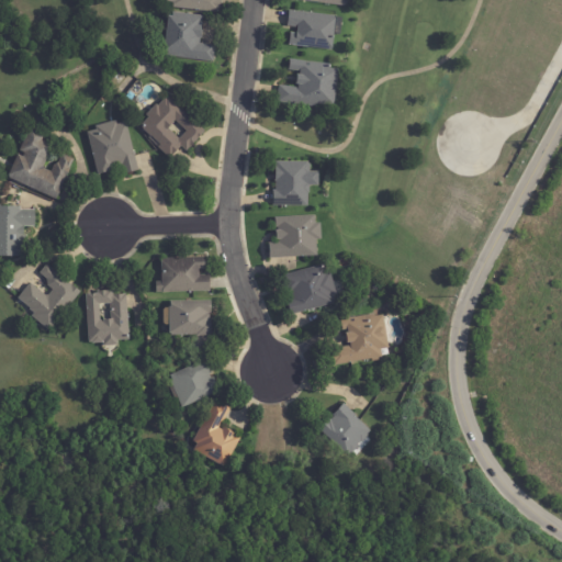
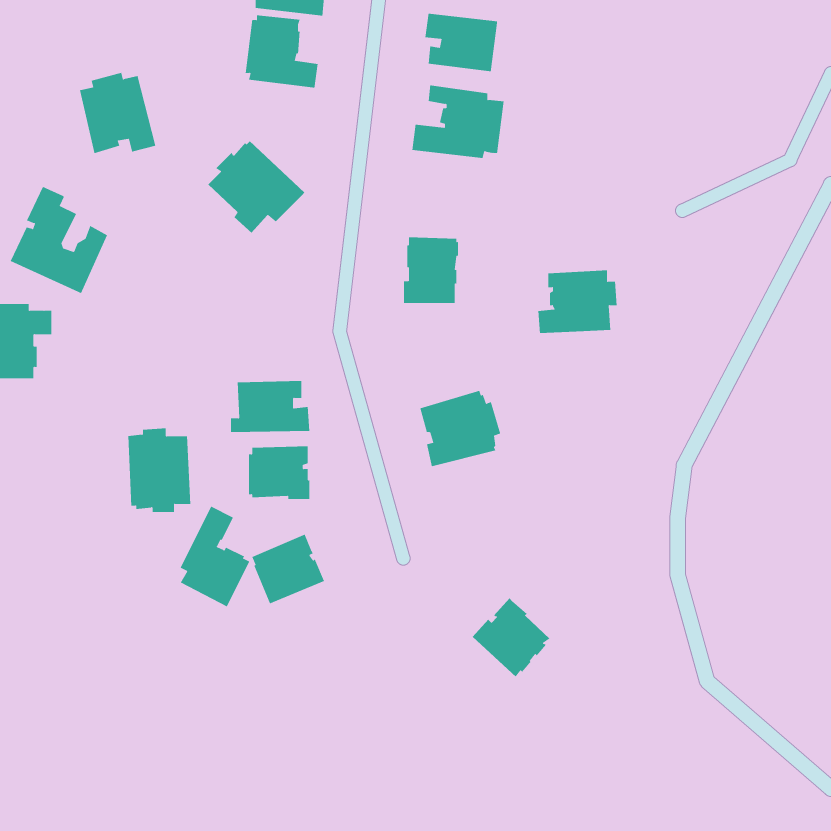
building: [87,119,138,173] -> [79,72,156,154]
building: [268,214,322,257] -> [538,270,618,334]
building: [18,263,80,330] -> none
building: [331,313,389,364] -> none
building: [192,398,239,467] -> [180,506,250,607]

